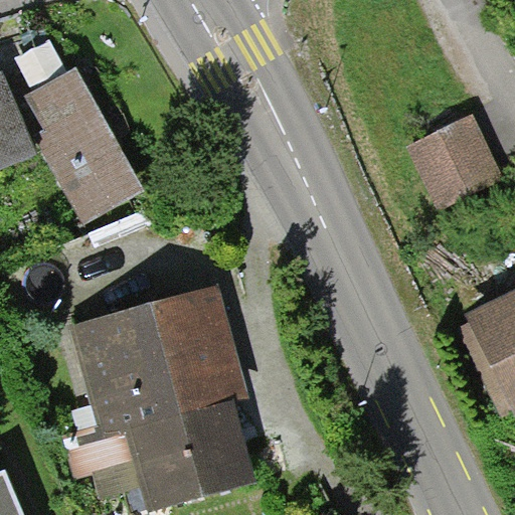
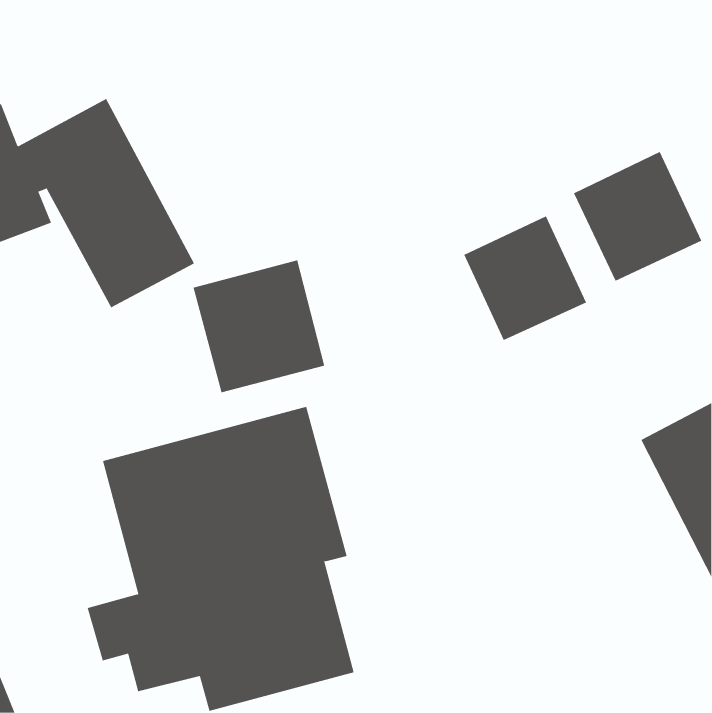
building: none -> [464,216,587,341]
building: none -> [193,259,325,393]

